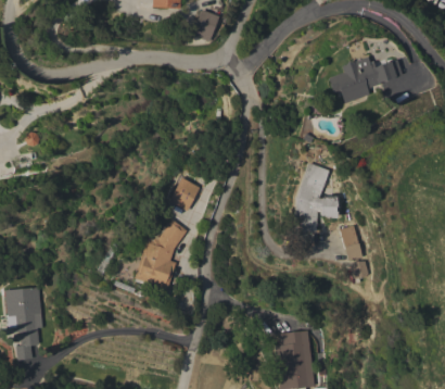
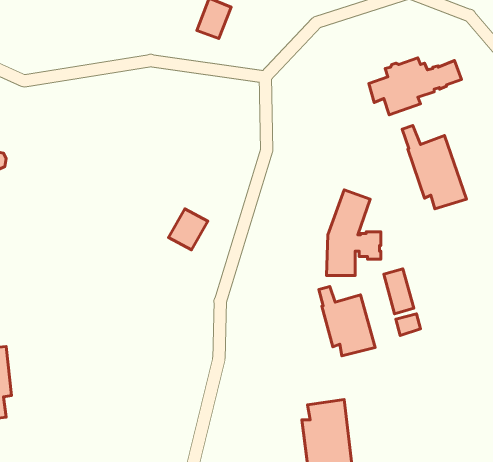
building: none -> [402,125,466,209]
building: [134,218,187,289] -> none
building: none -> [319,286,375,356]

